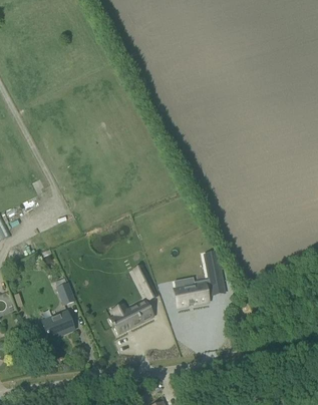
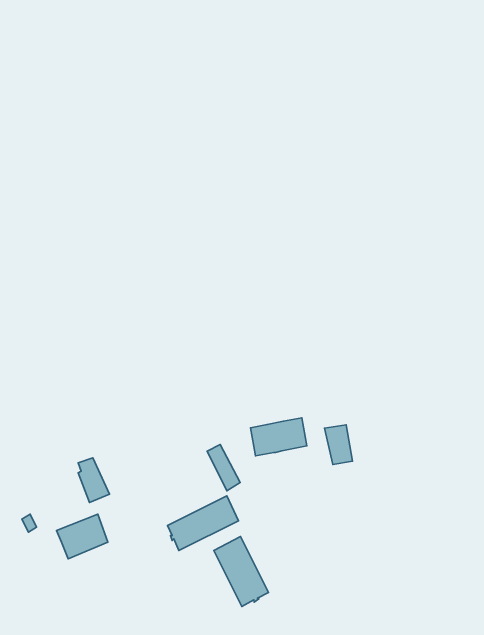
building: [174,284,208,307] -> [251,418,307,456]
building: none -> [214,536,269,607]

